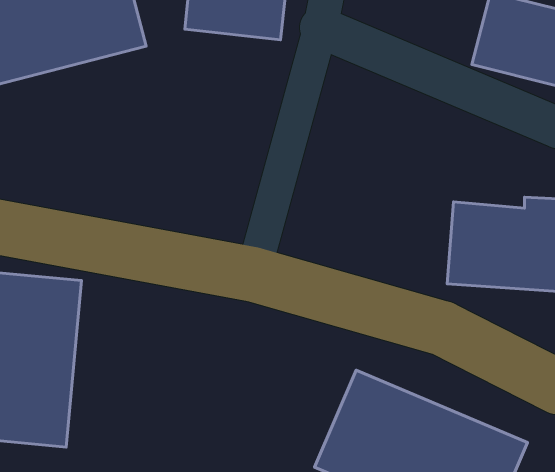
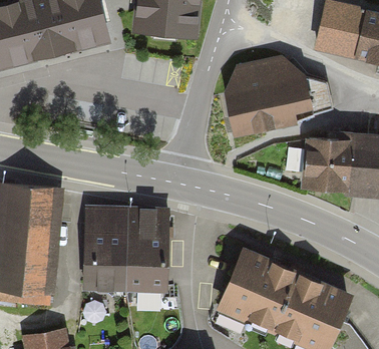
building: none -> [225,57,333,136]
building: none -> [84,208,169,293]

